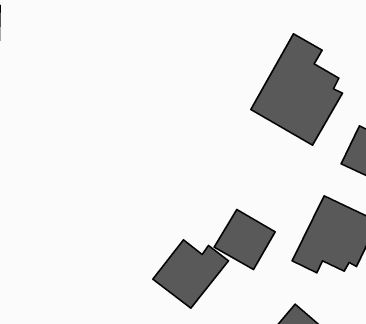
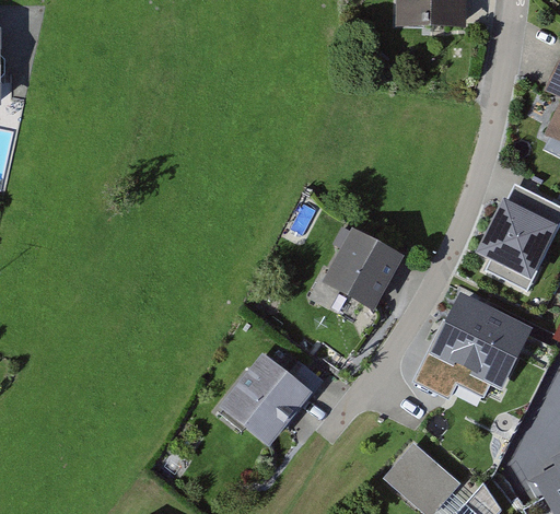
building: [251,34,342,145] -> none
building: [214,209,275,270] -> [324,229,407,311]

